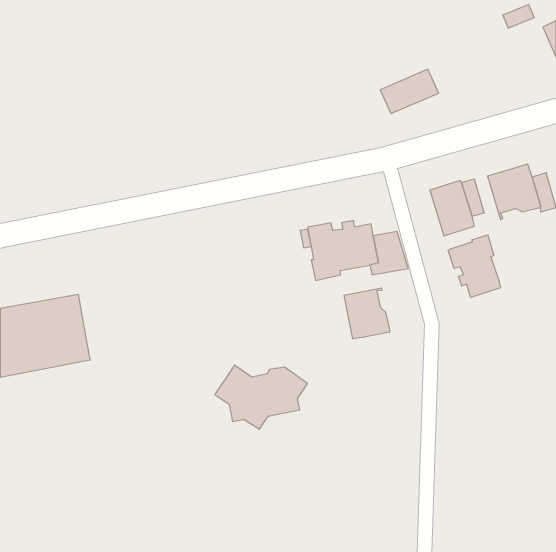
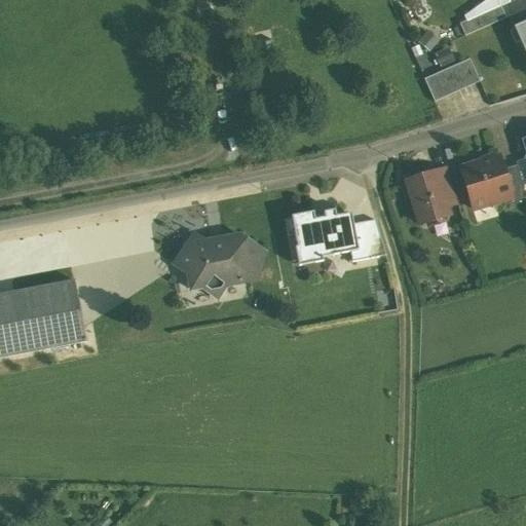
building: [380,69,439,114] -> [423,58,479,100]
building: [448,235,501,297] -> none
building: [344,288,390,339] -> none
building: [215,365,307,429] -> [175,234,262,295]

